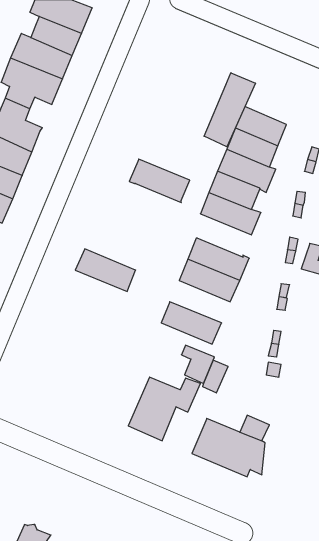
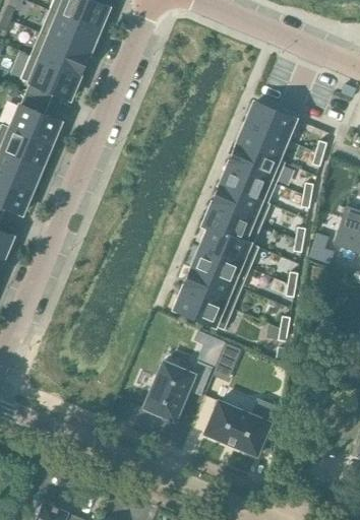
building: [204,73,255,147] -> none
building: [129,159,190,203] -> [202,205,260,247]
building: [75,249,136,291] -> [182,269,240,310]

